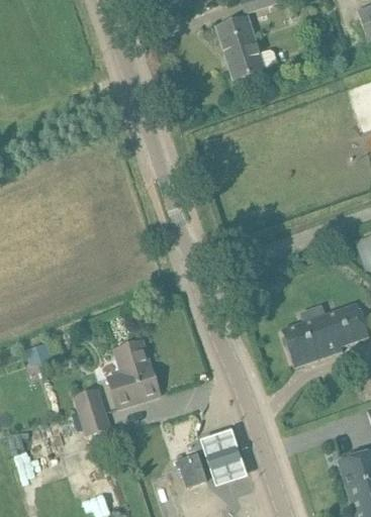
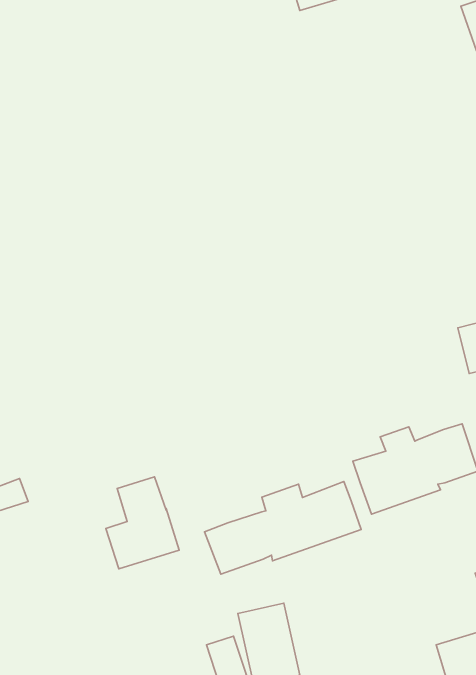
building: [221,17,276,79] -> none
building: none -> [205,482,361,574]
building: [74,388,109,432] -> none

